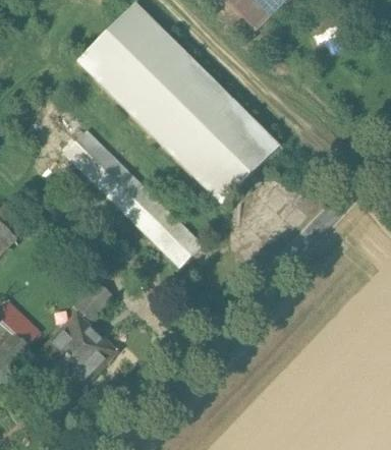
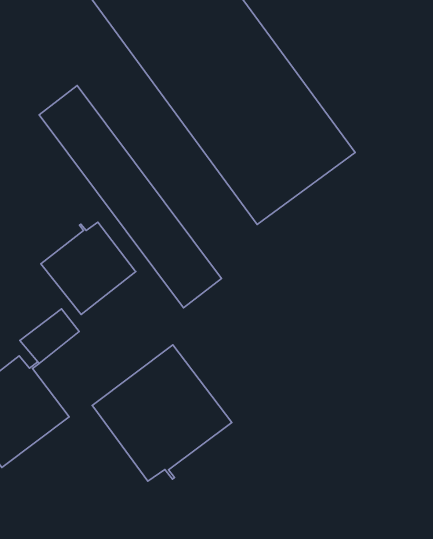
building: none -> [41,222,136,315]
building: none -> [92,345,232,481]

